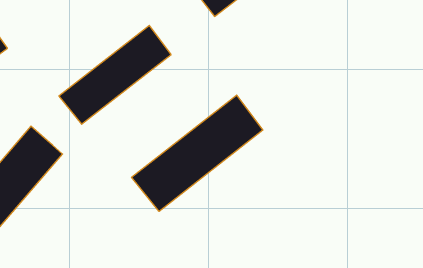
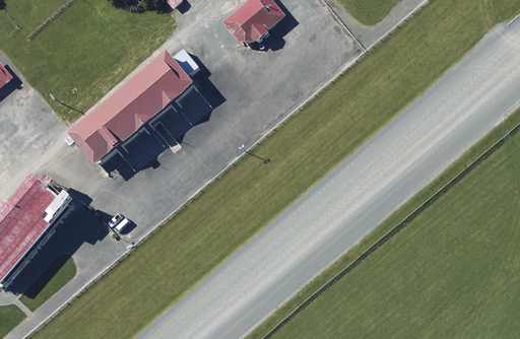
building: [132,95,263,211] -> none

